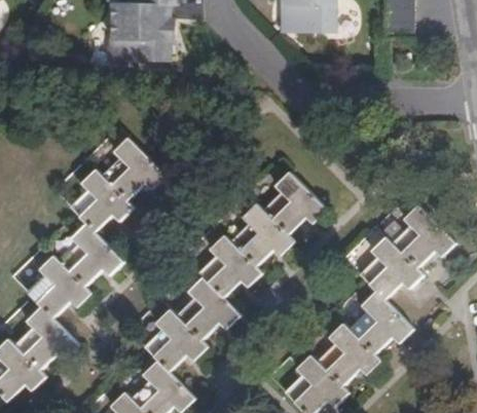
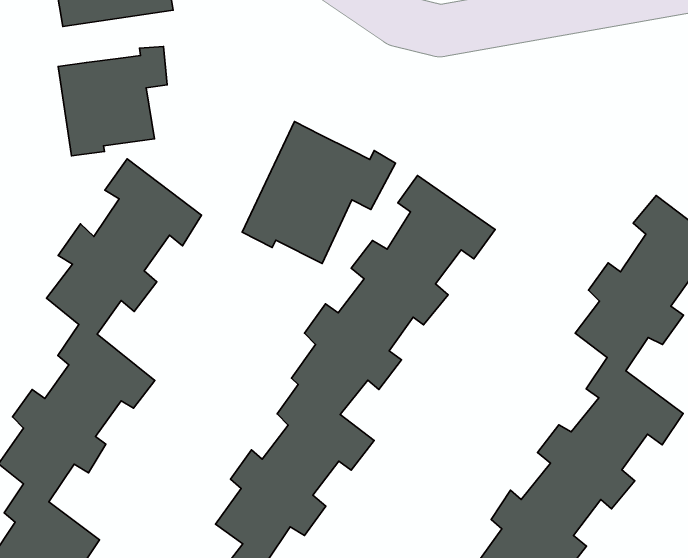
building: none -> [58,46,167,156]
building: none -> [242,122,395,264]

